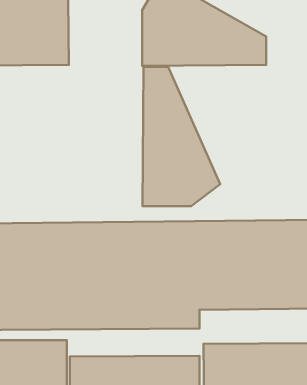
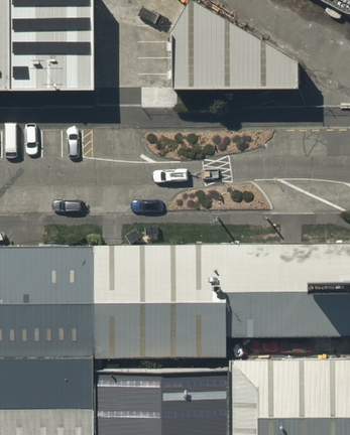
building: [143,67,220,206] -> none

